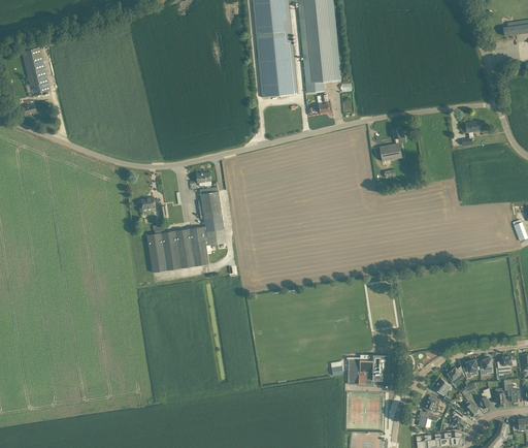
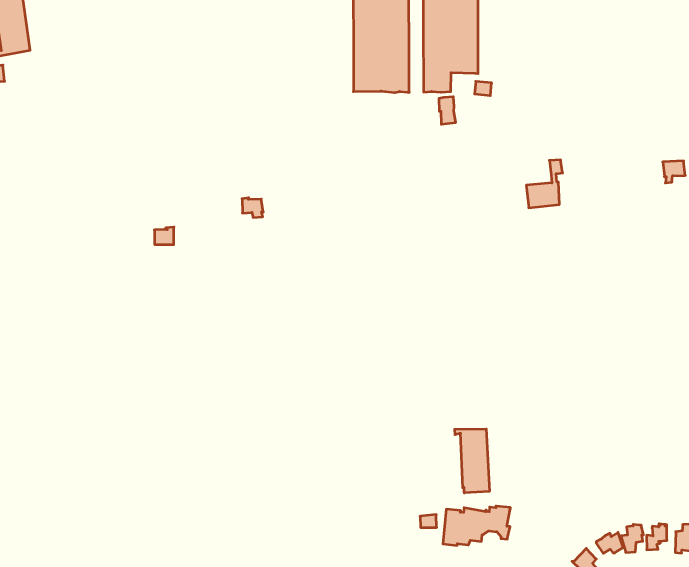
building: [146,187,226,271] -> none
building: none -> [455,429,489,493]

